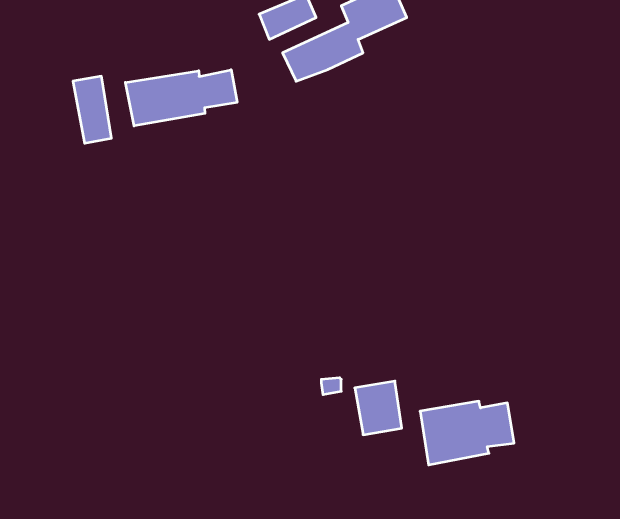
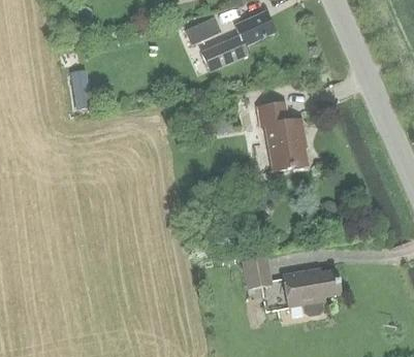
building: [125,70,237,126] -> none
building: none -> [256,102,307,171]

